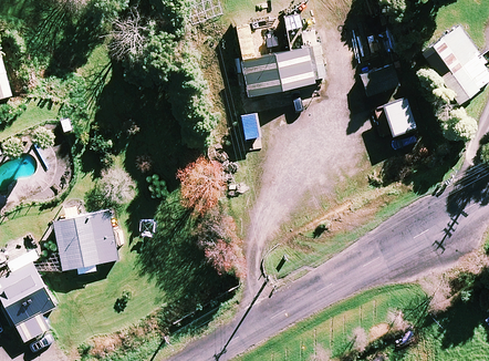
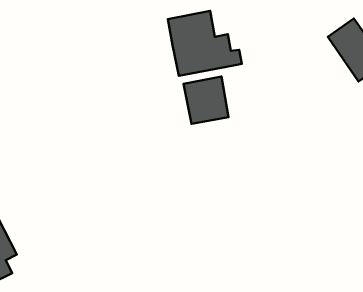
building: none -> [184,76,229,124]
building: [51,212,117,271] -> none

